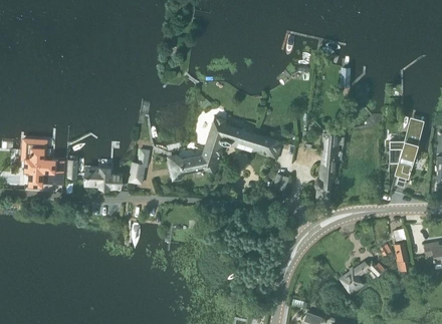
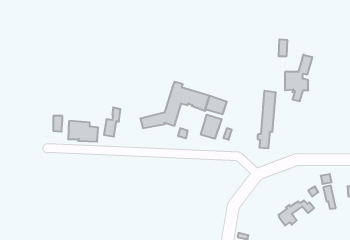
building: [389,119,422,176] -> [285,55,312,101]
building: [22,139,63,186] -> none
building: none -> [201,115,222,139]

